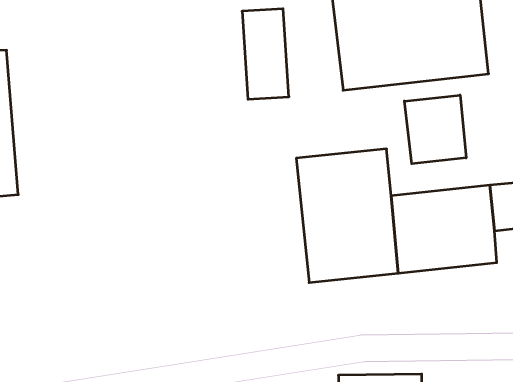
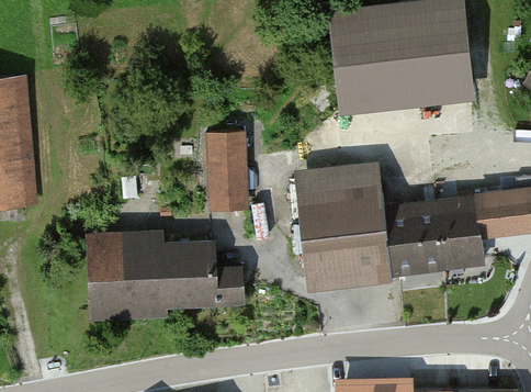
building: [242,9,289,99] -> [206,130,250,214]
building: [404,95,466,164] -> none
building: none -> [87,235,246,326]

